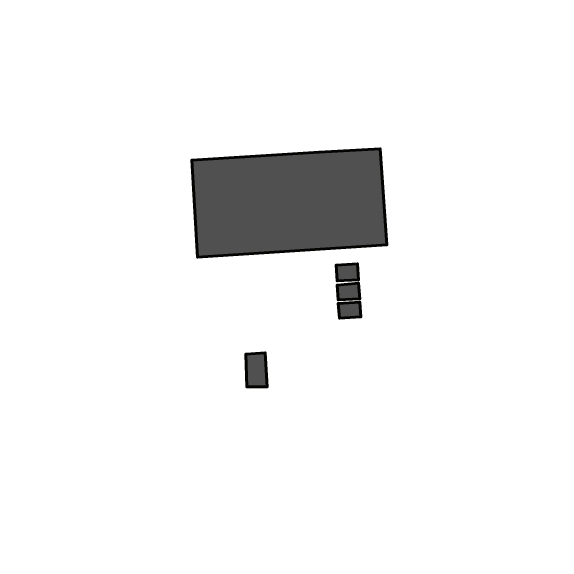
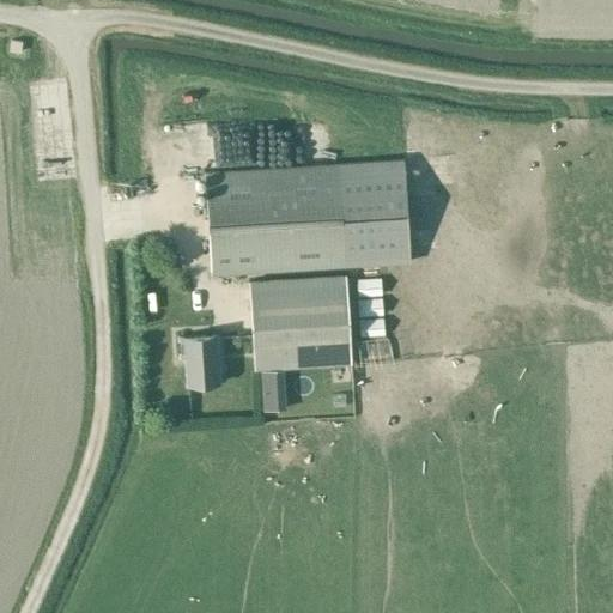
building: none -> [250,277,353,370]
building: none -> [182,336,220,386]

